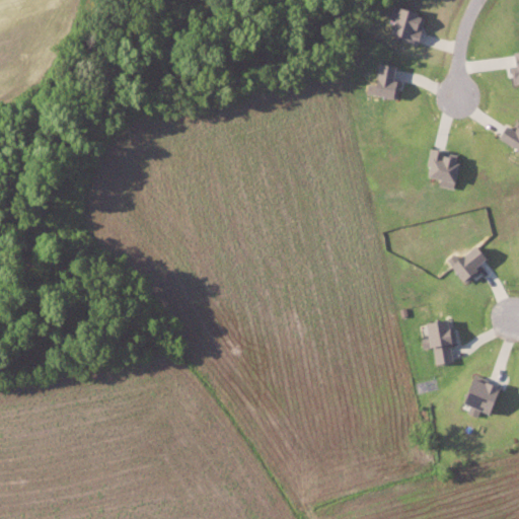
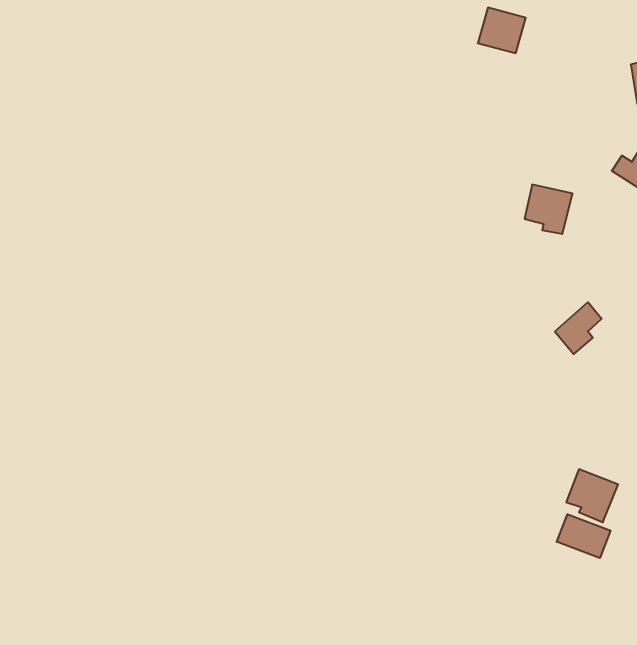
building: [373,63,404,100] -> none
building: [426,318,458,365] -> none
building: none -> [557,514,610,558]

